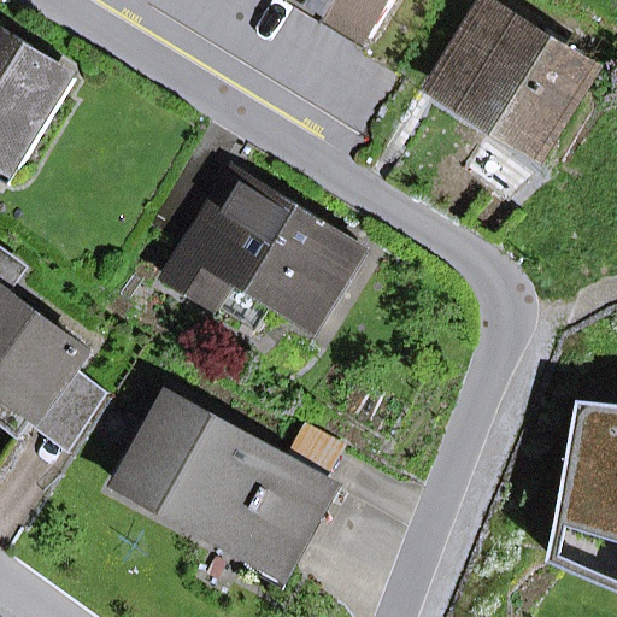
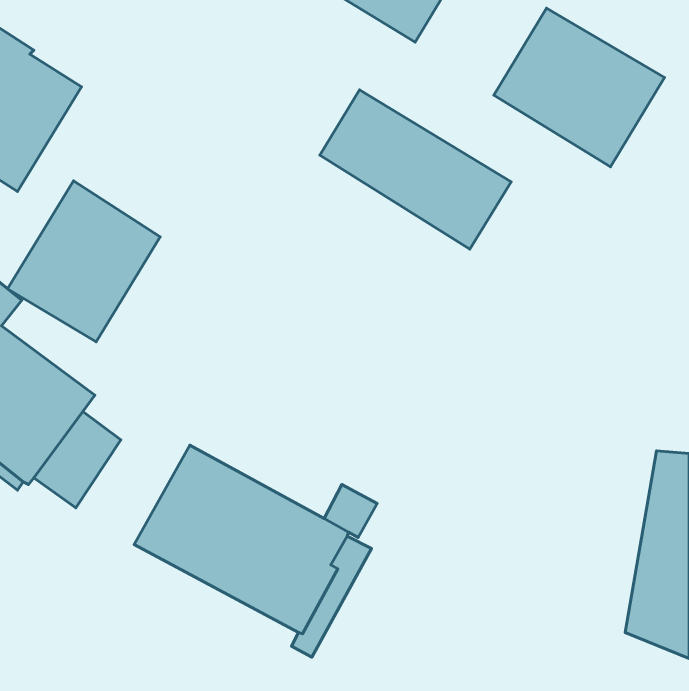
building: none -> [320,90,511,249]
building: none -> [7,181,160,342]
building: [168,168,363,330] -> none

